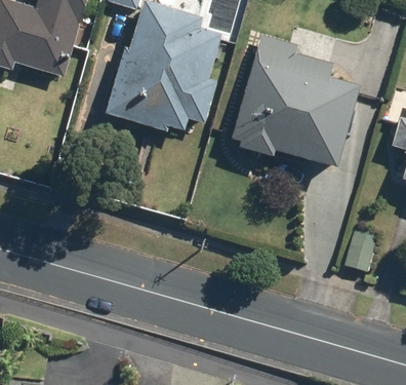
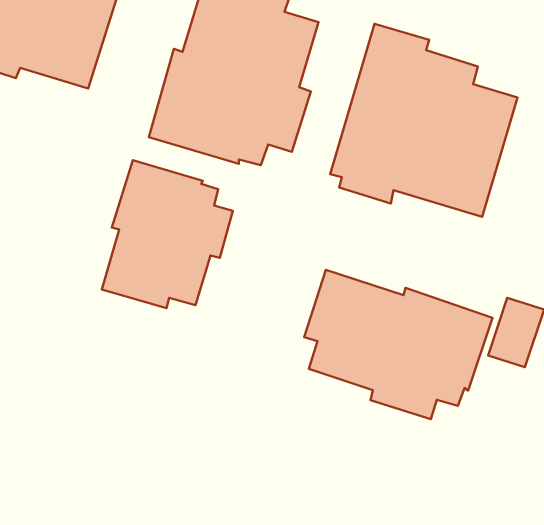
building: none -> [102,160,233,308]
building: none -> [304,270,492,419]

